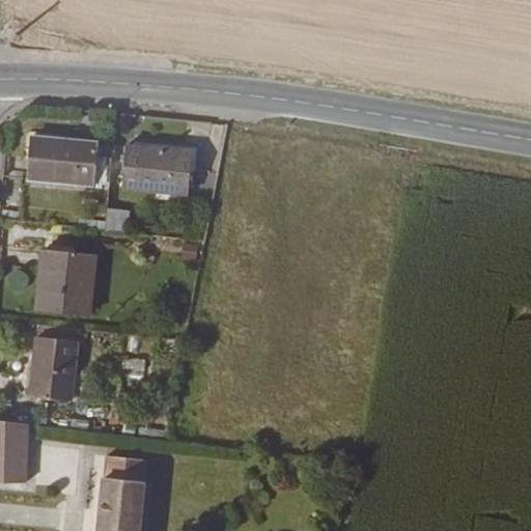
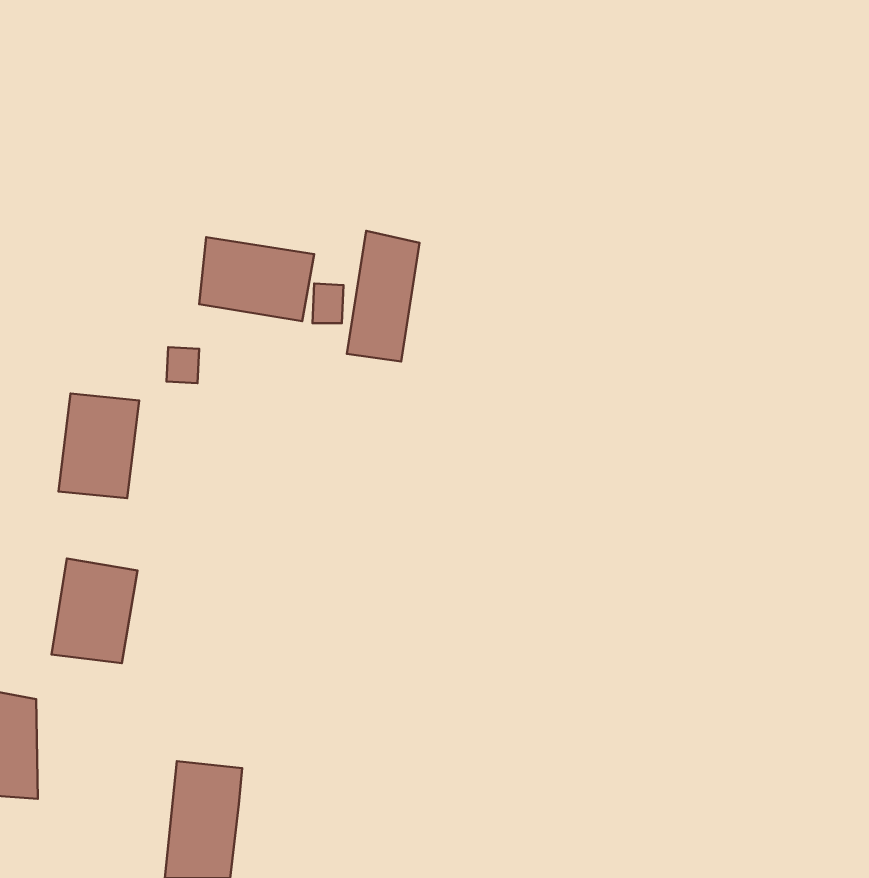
building: [38,137,94,187] -> none
building: none -> [347,231,420,361]

